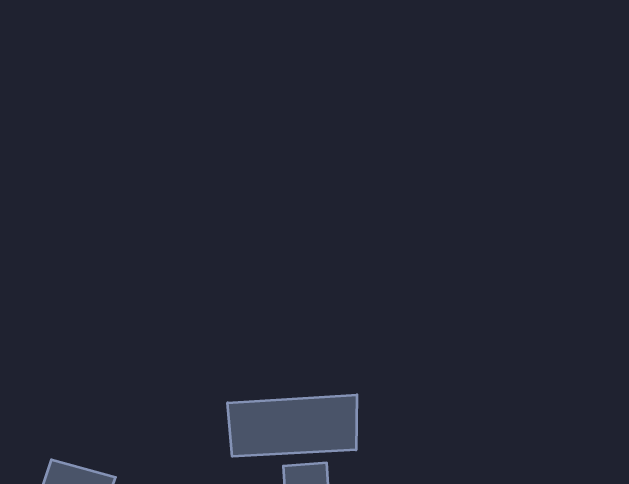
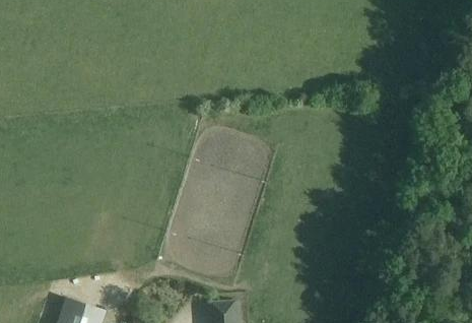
building: [228,395,357,456] -> none

